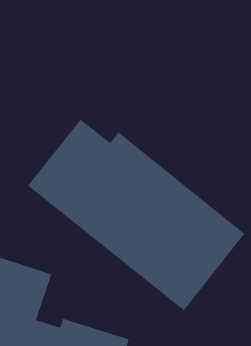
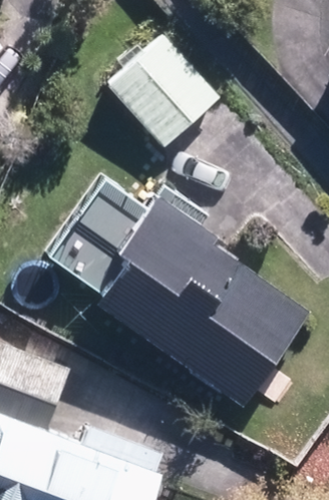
building: none -> [106,33,220,148]

